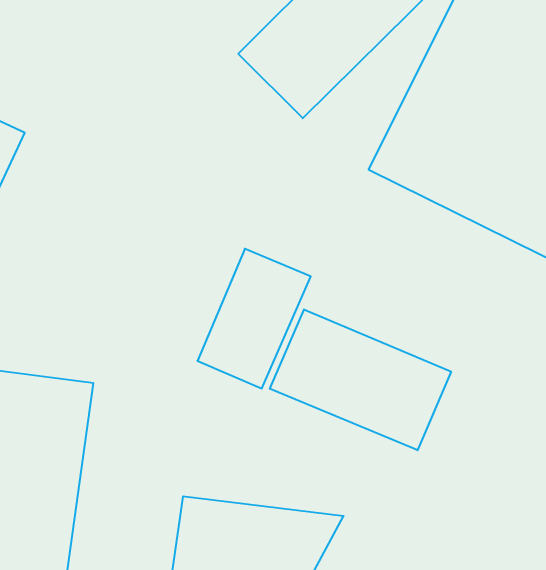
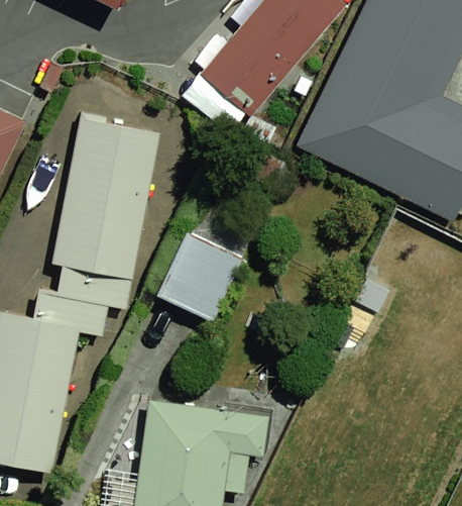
building: none -> [49,111,160,276]
building: [270,309,451,450] -> none

